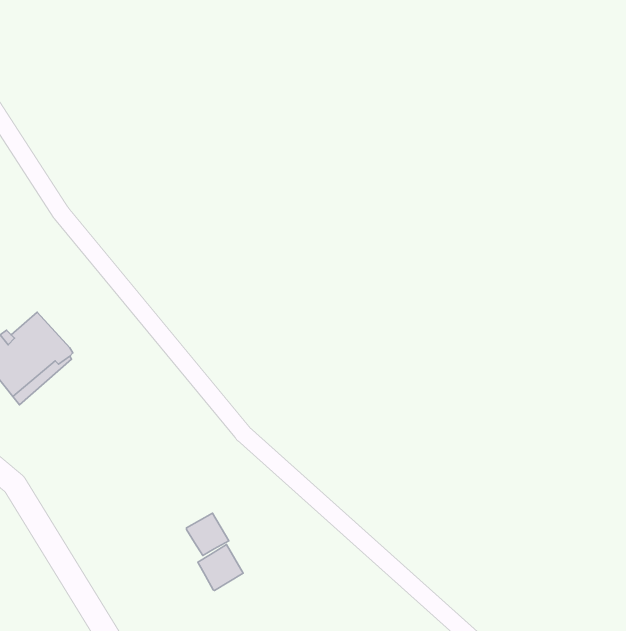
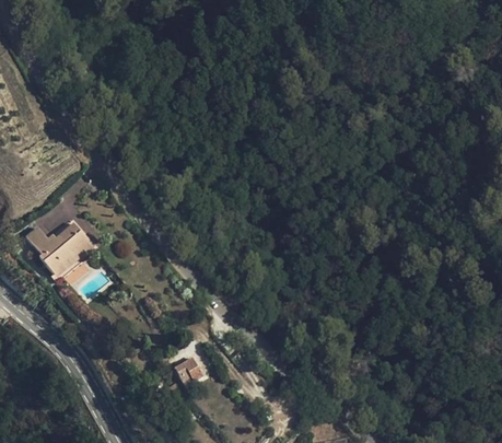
building: [198,545,243,591] -> none

